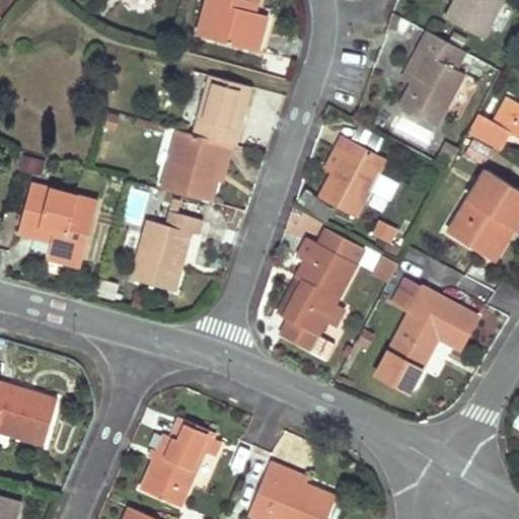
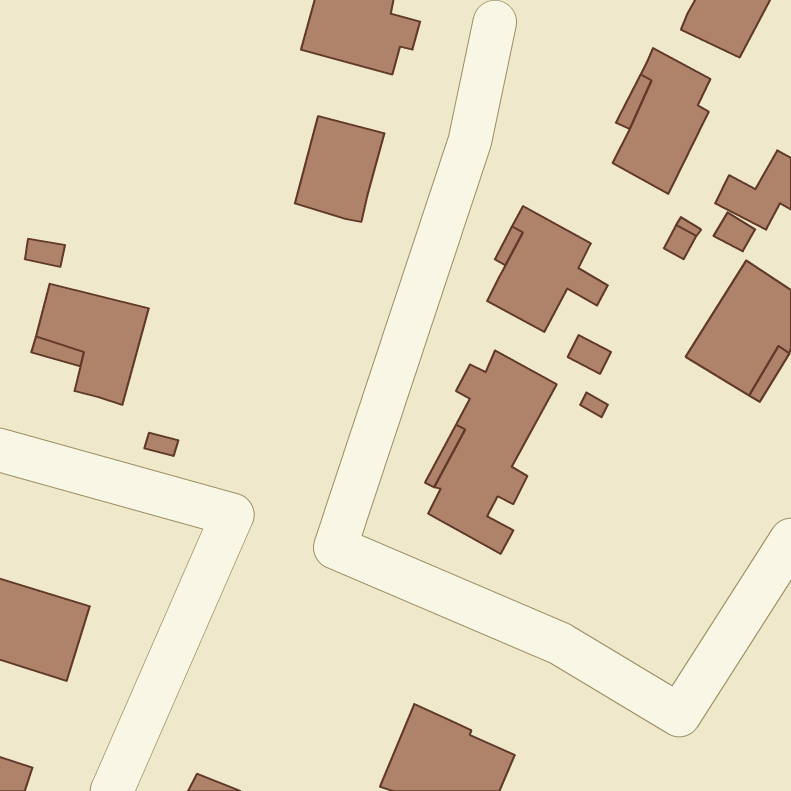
building: [162,129,226,201] -> none
building: [133,212,201,290] -> none
building: [375,279,476,392] -> none
building: [141,422,212,506] -> none

